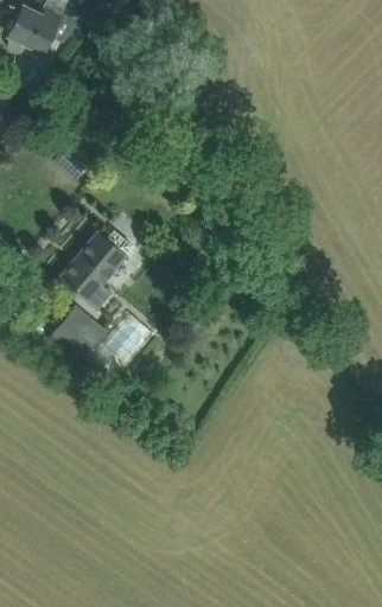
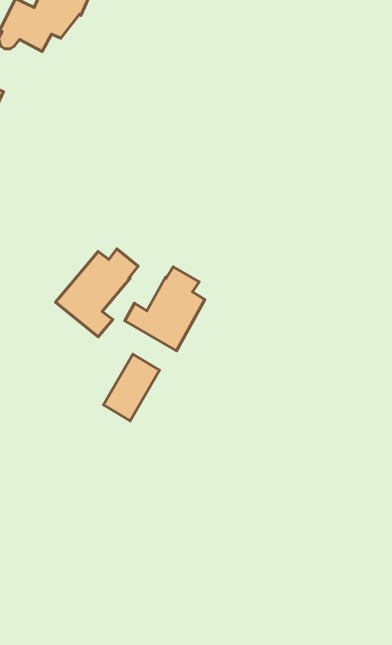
building: none -> [125,267,205,351]
building: [46,305,106,365] -> none

